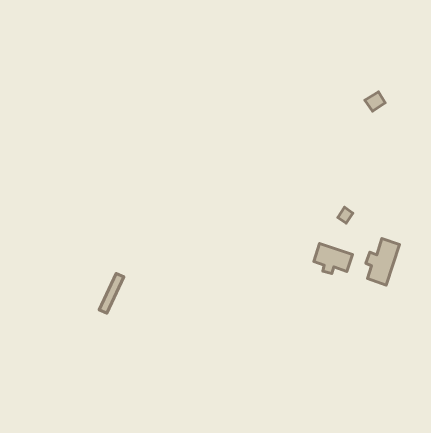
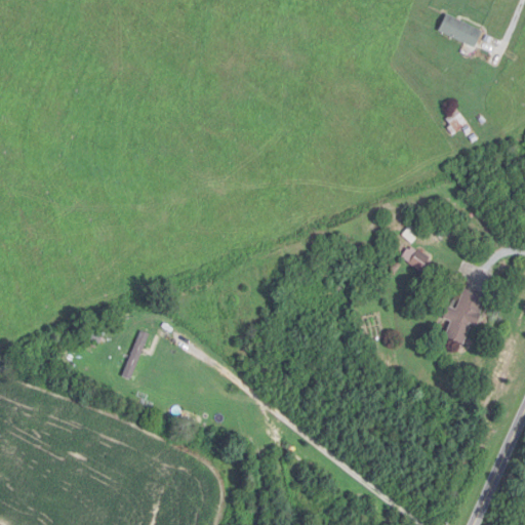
building: none -> [437,12,481,48]
building: [314,243,352,274] -> none

